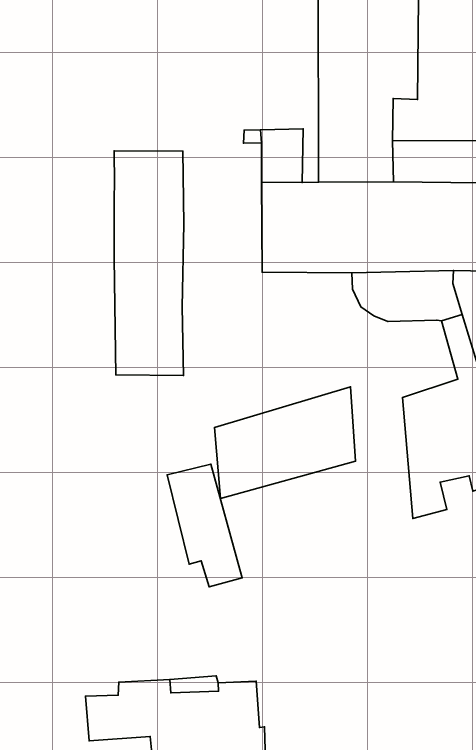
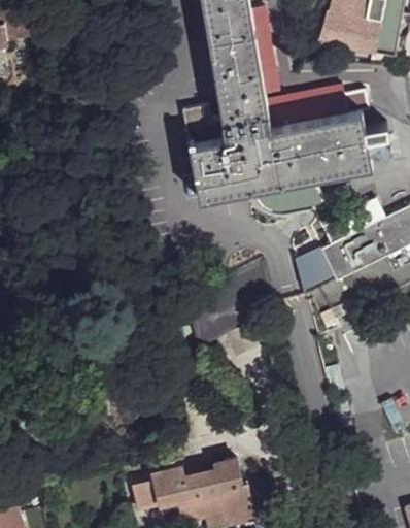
building: [114,151,184,376] -> none
building: [167,464,242,587] -> none

